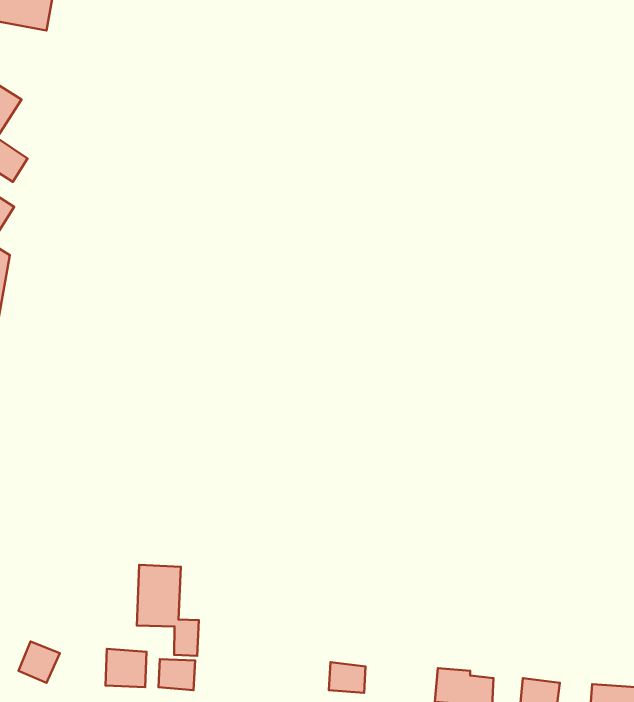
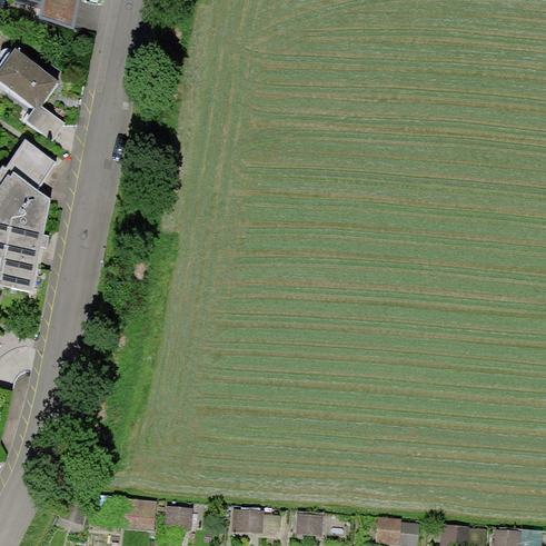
building: [137,565,199,656] -> none
building: none -> [231,507,280,532]

